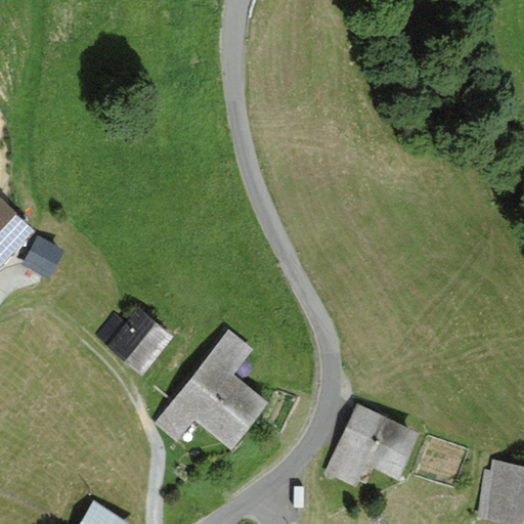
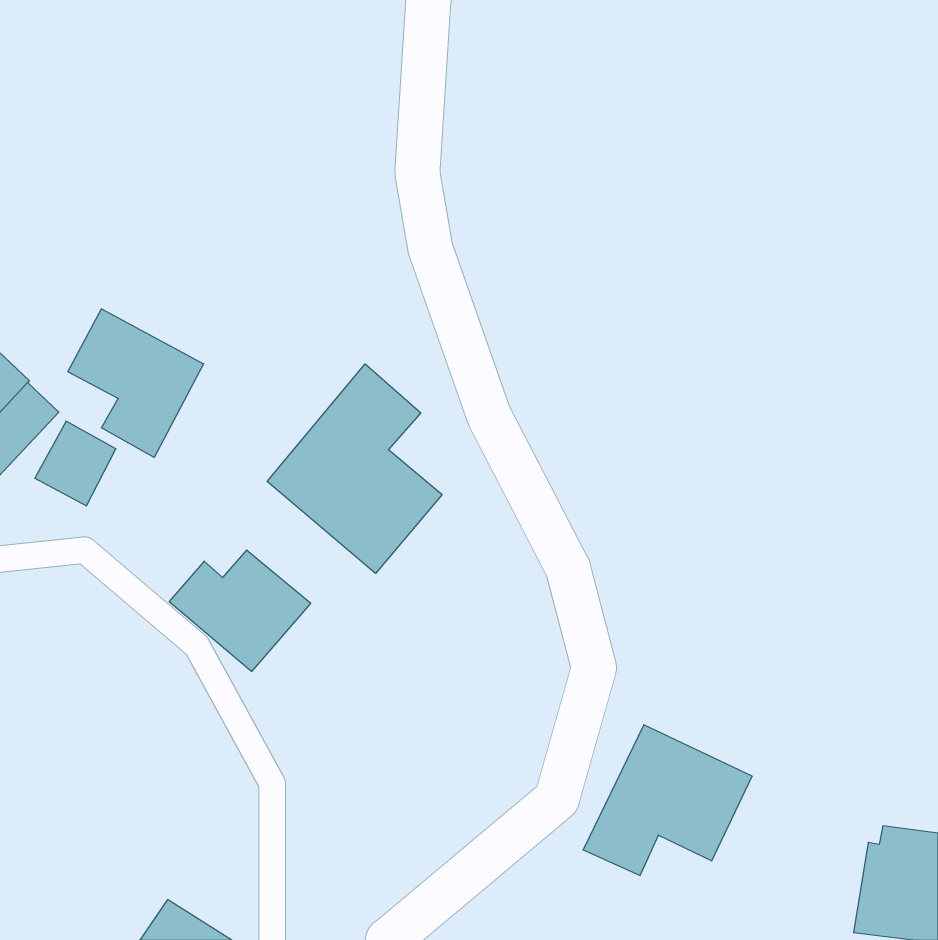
building: none -> [68,309,204,457]
building: none -> [267,364,442,573]
building: [154,331,271,450] -> none

